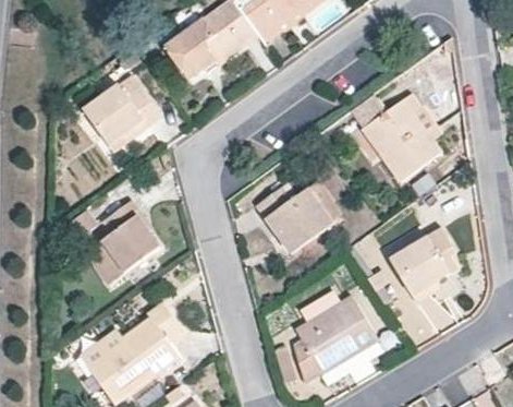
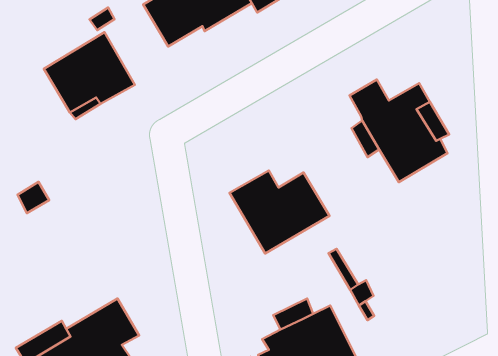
building: [84,197,160,284] -> none
building: [389,225,459,302] -> none

